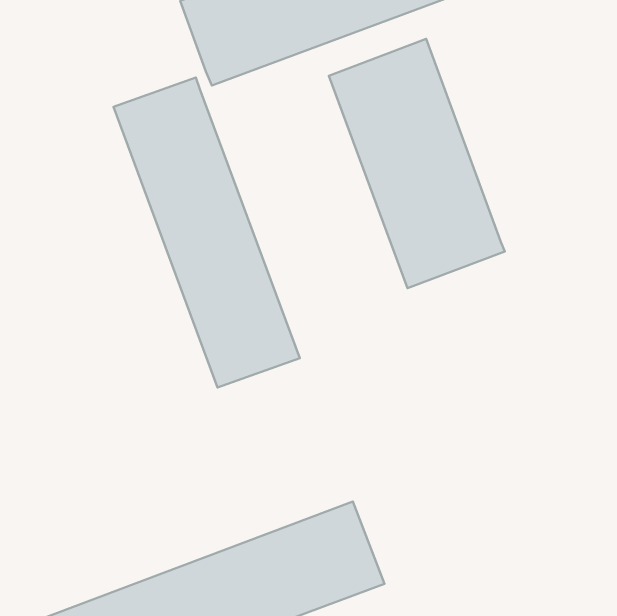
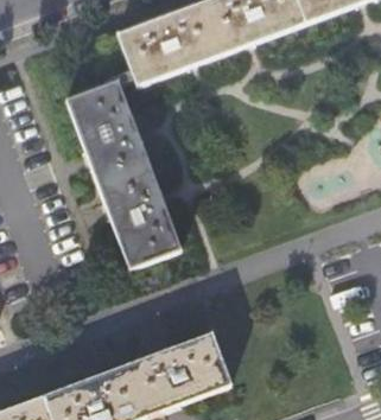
building: [329,39,505,288] -> none

